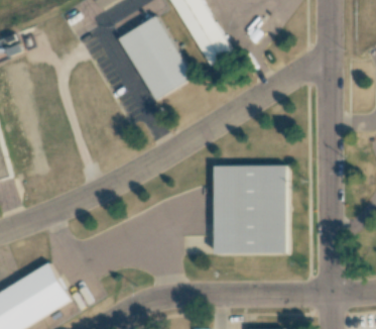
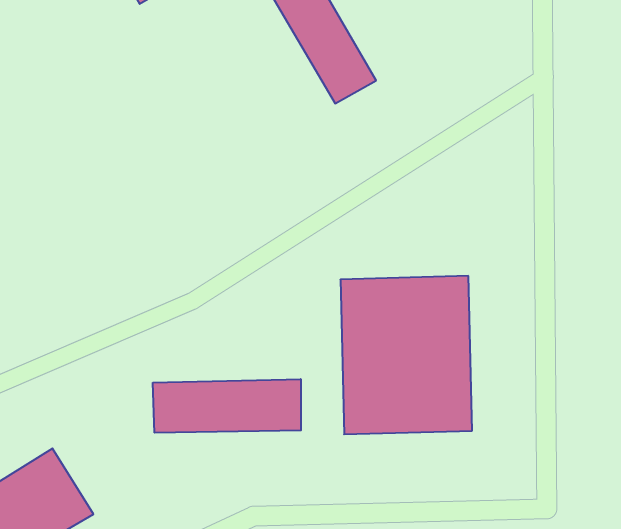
building: [119,16,192,99] -> none
building: none -> [153,379,301,433]

